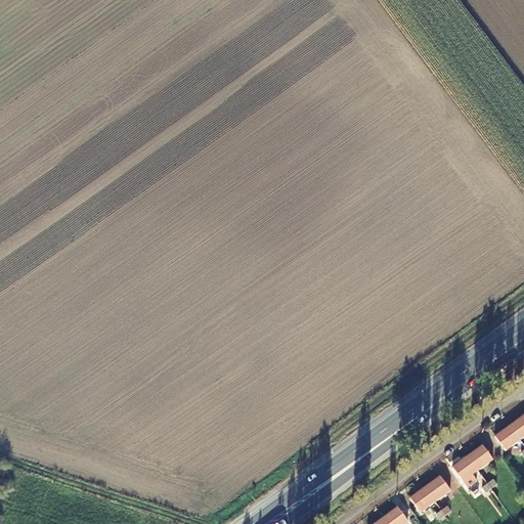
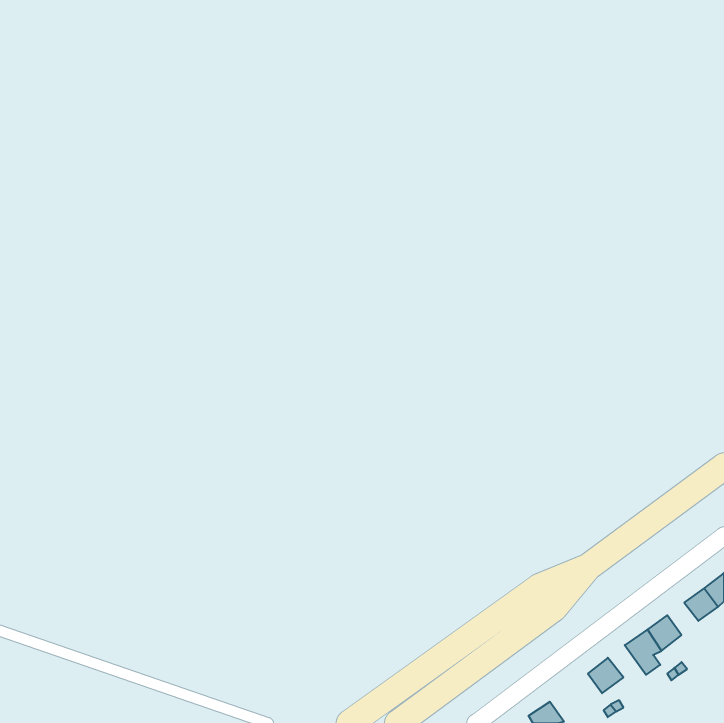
building: [409,486,435,516] -> none

